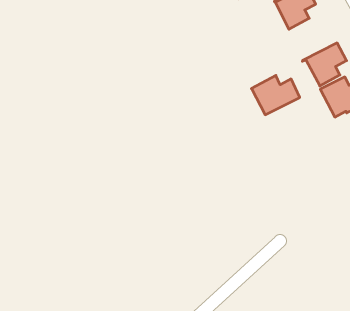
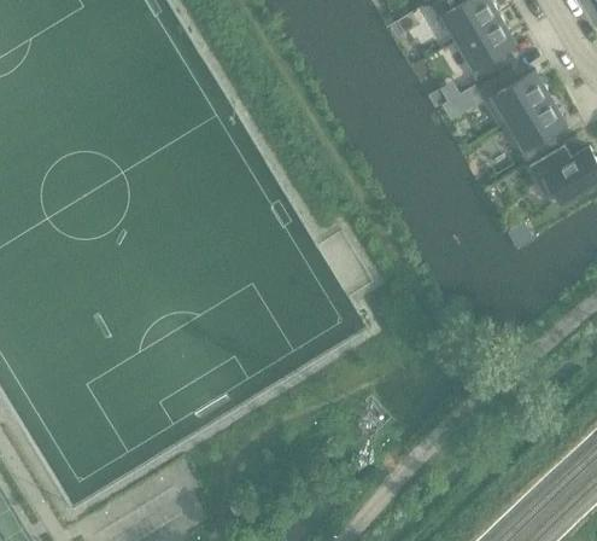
building: [251,75,300,115] -> [478,65,550,124]

